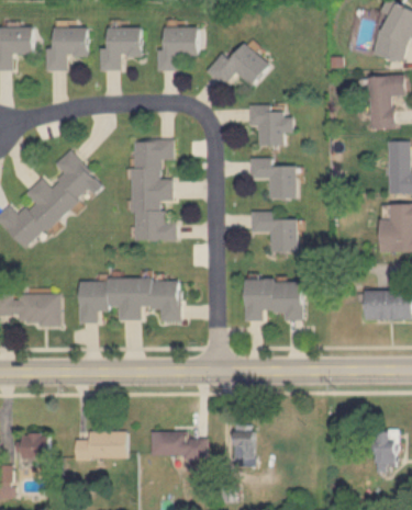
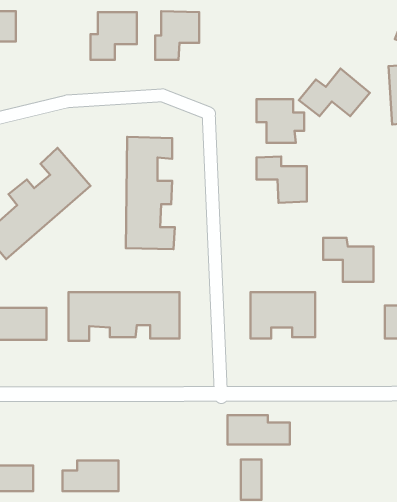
building: [46,26,88,69] -> none
building: [207,43,270,86] -> [299,68,370,116]
building: [250,212,296,251] -> [323,238,373,282]
building: [148,430,204,456] -> [228,415,290,445]

